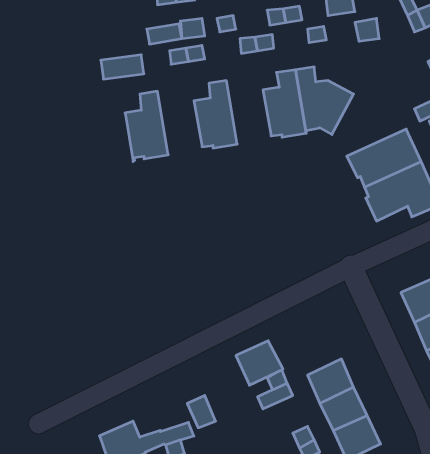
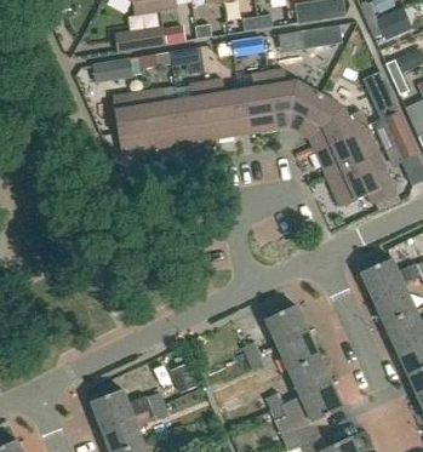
building: none -> [205,79,245,138]
building: none -> [143,88,183,148]
building: none -> [299,93,366,149]
building: [236,341,283,385] -> [265,305,308,345]

